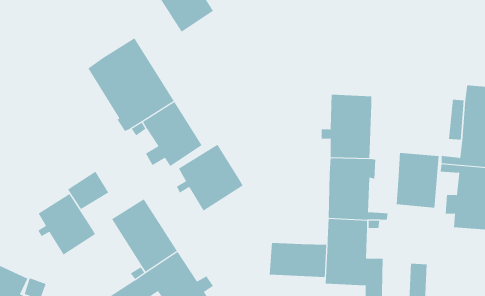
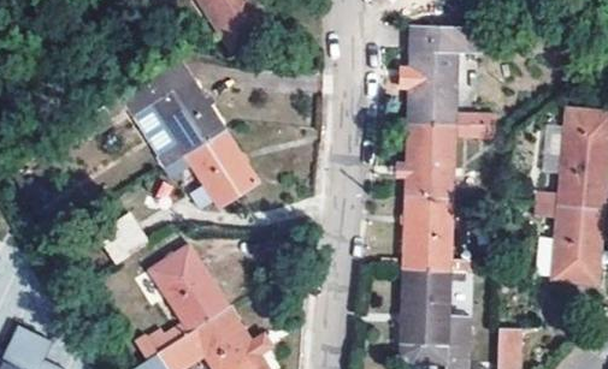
building: none -> [407,26,492,127]
building: [176,144,243,211] -> none
building: [396,152,439,209] -> none
building: [38,193,96,256] -> none
building: [269,242,327,278] -> none

